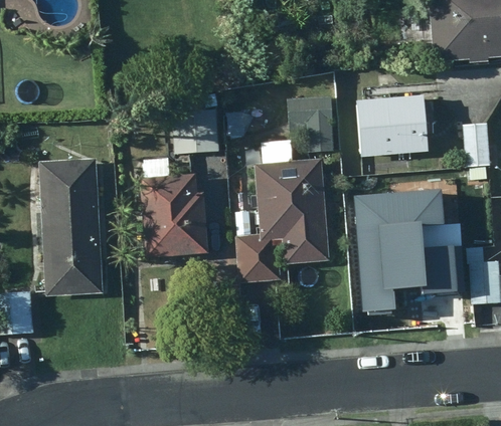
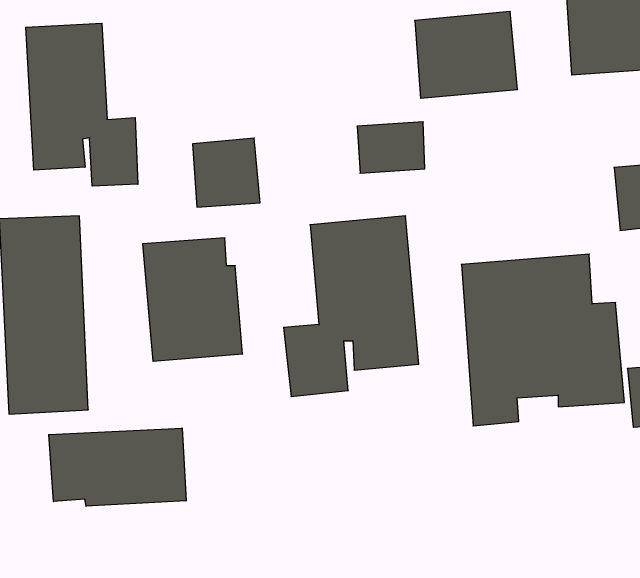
building: none -> [26,23,138,186]
building: [357,96,428,156] -> [415,12,518,98]
building: none -> [49,428,186,506]

